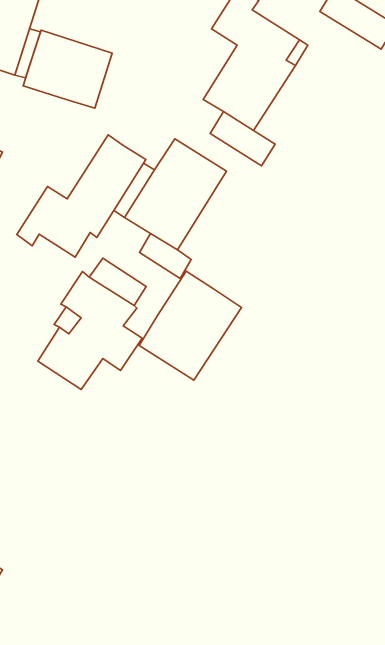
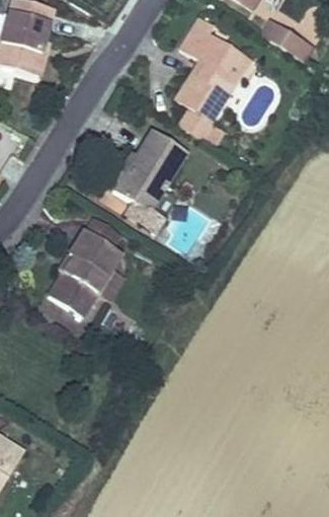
building: [23,30,112,108] -> none
building: [17,135,146,257] -> none
building: [139,271,241,380] -> none

